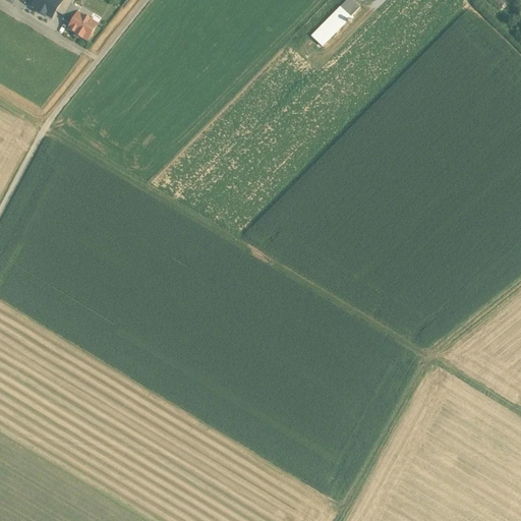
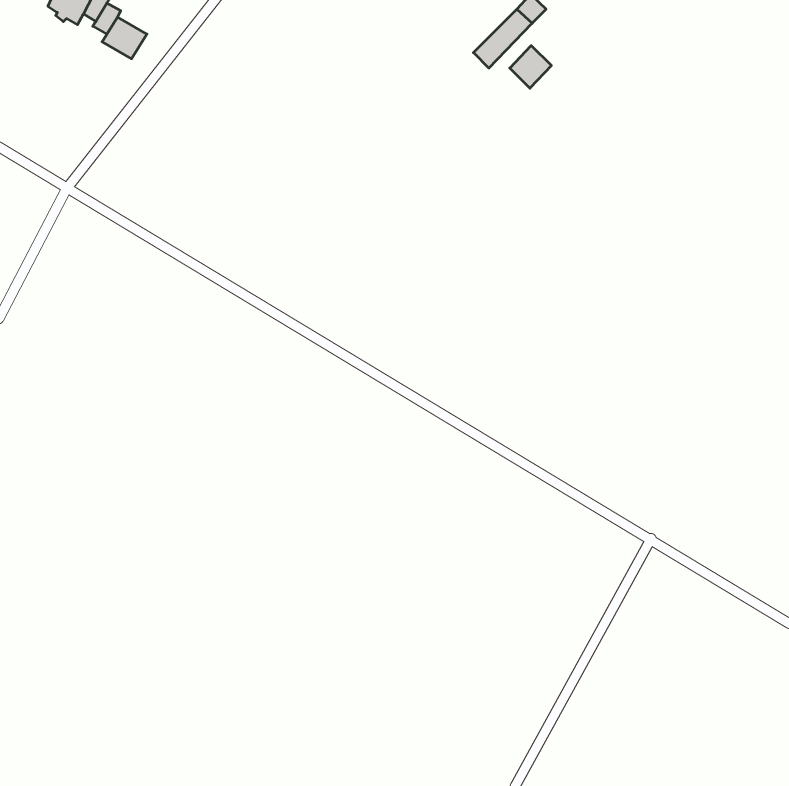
building: none -> [510,46,551,88]

